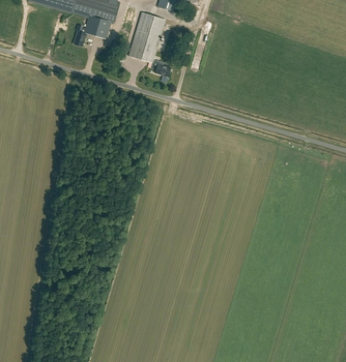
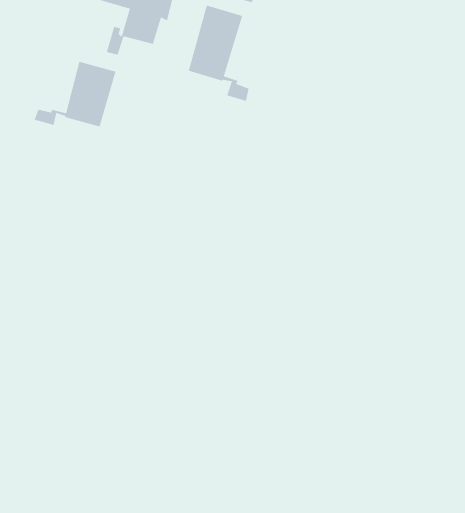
building: none -> [34,61,116,127]

